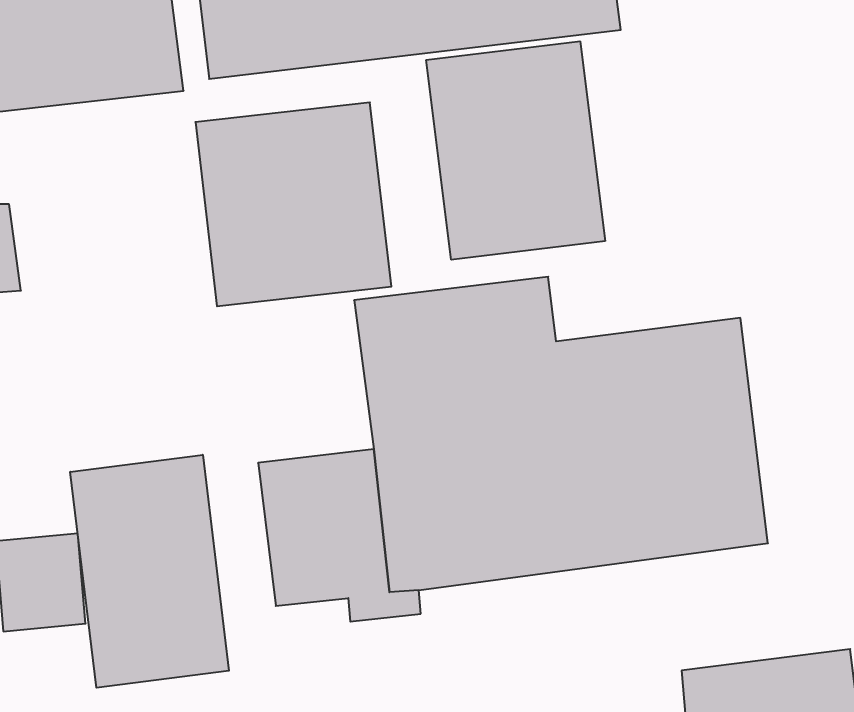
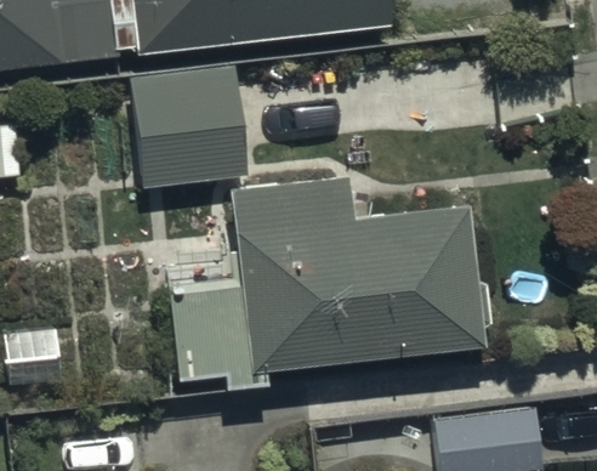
building: [426,41,605,260] -> none
building: [70,455,229,688] -> none

